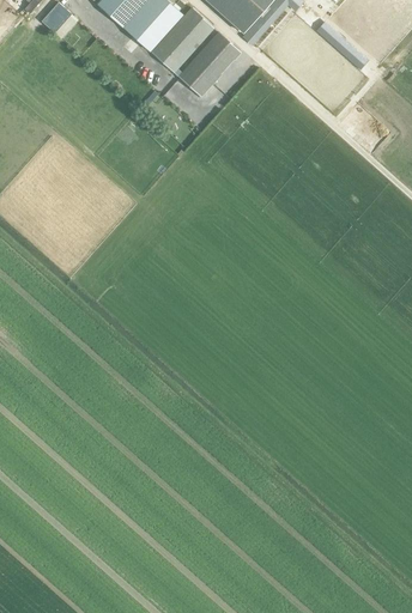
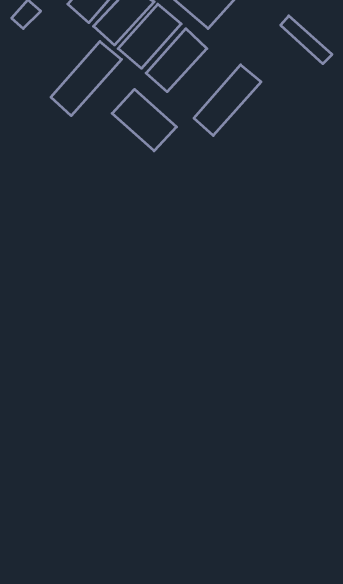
building: none -> [51,41,122,116]
building: none -> [194,65,261,136]
building: none -> [112,89,177,151]

